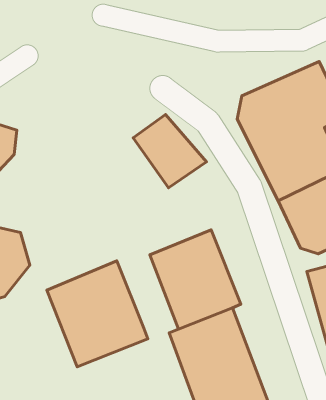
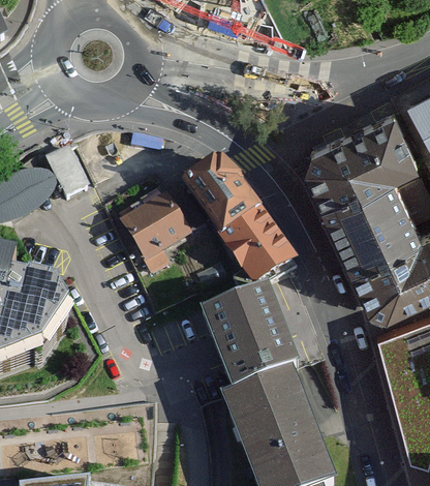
building: none -> [44,142,92,196]
building: none -> [125,183,213,270]
building: none -> [221,208,298,284]
building: [47,261,148,367] -> none

